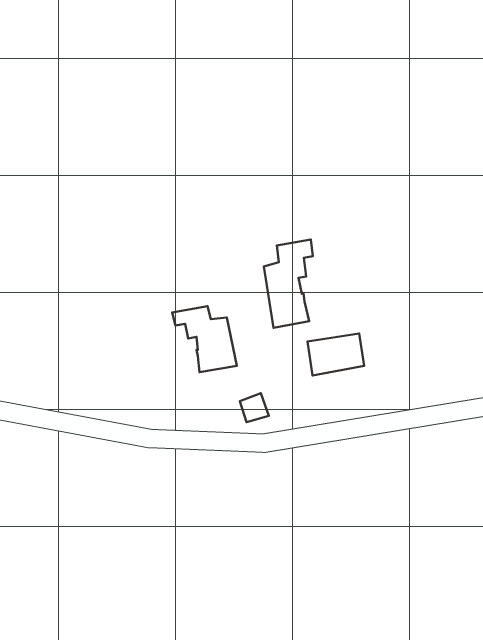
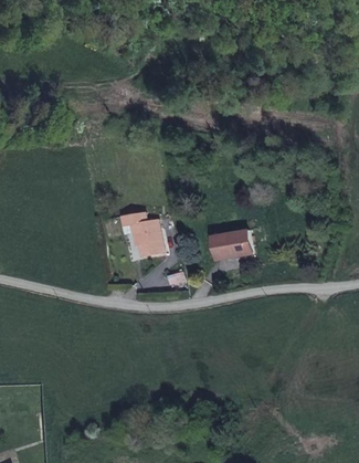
building: [264,239,313,328] -> none

